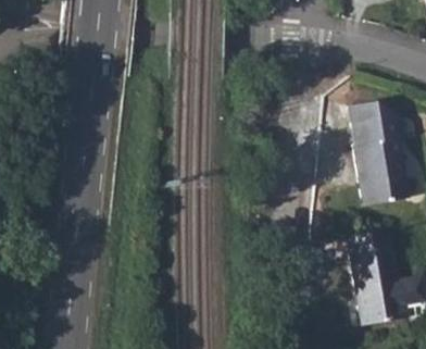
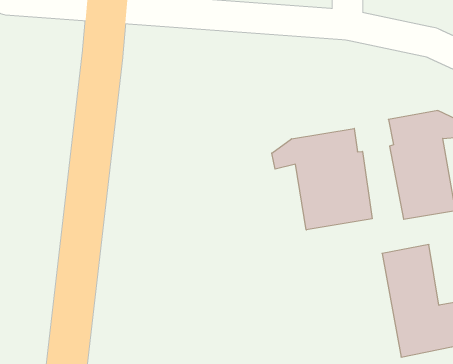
building: none -> [272,128,372,230]

